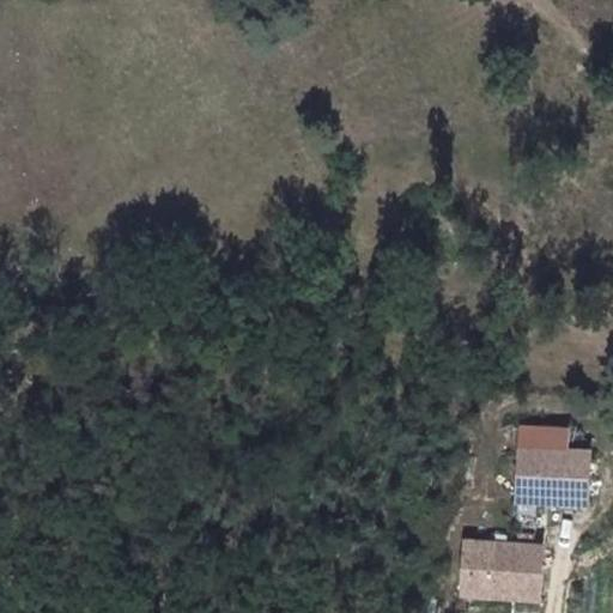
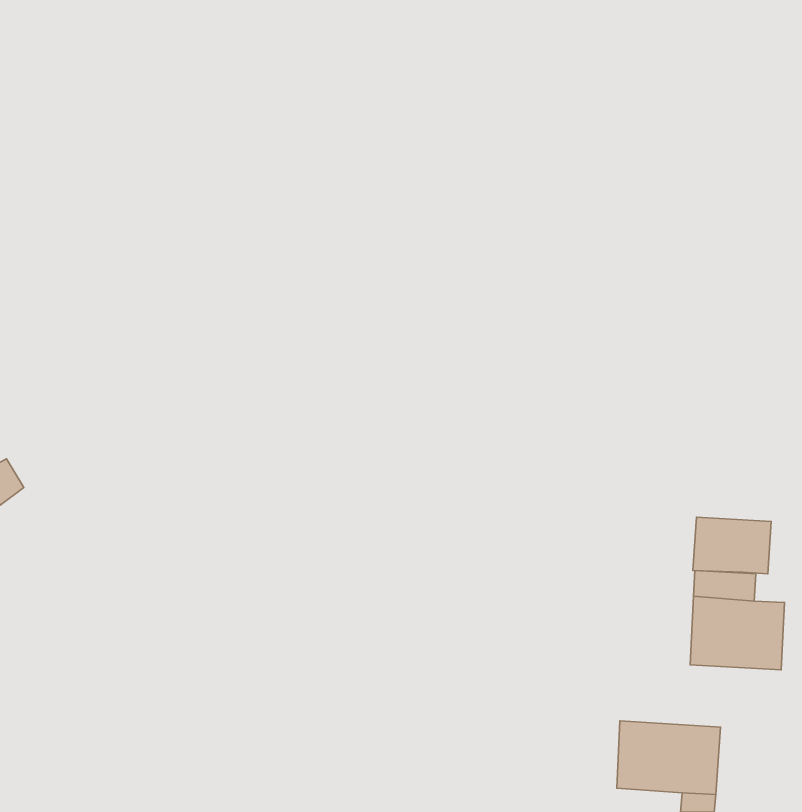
building: none -> [693,517,771,574]

